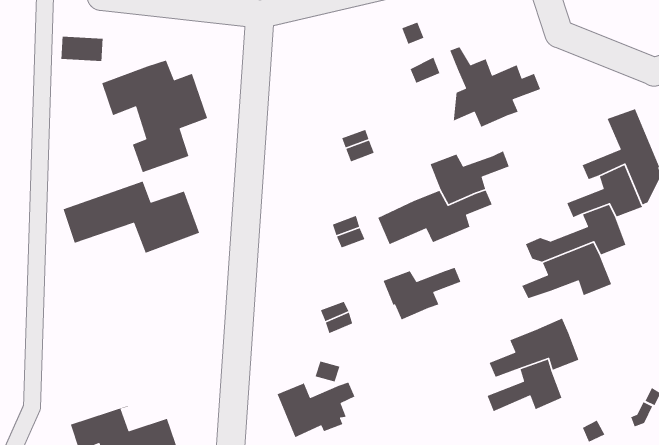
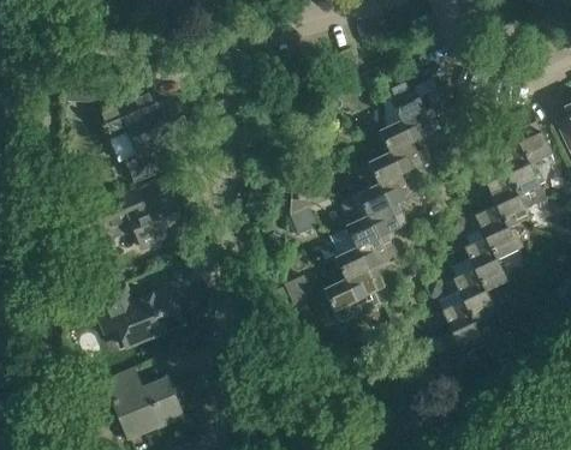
building: none -> [379,116,444,162]
building: none -> [331,211,410,257]
building: none -> [427,250,508,300]
building: none -> [91,284,185,347]
building: [276,381,355,438] -> [325,275,388,323]

